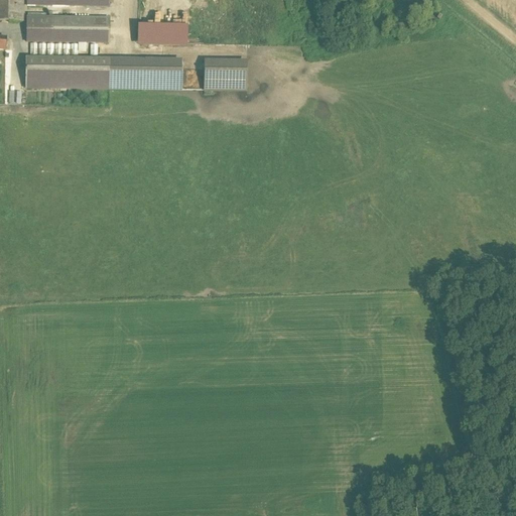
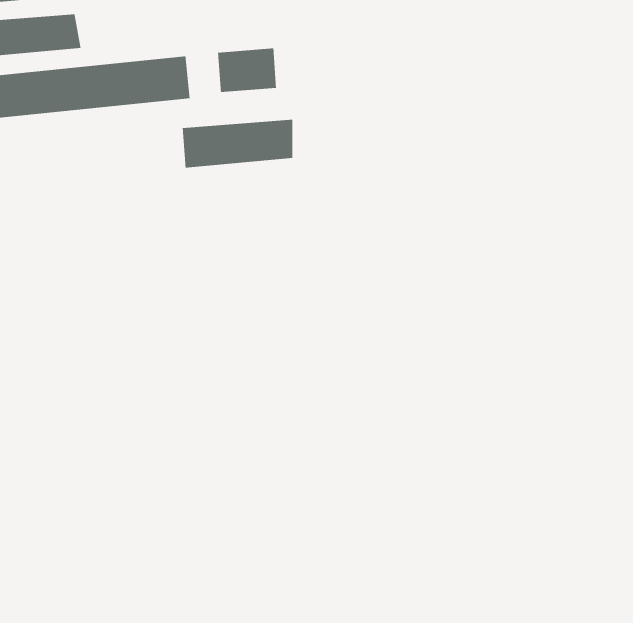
building: [138,23,186,41] -> none
building: none -> [182,119,293,169]

